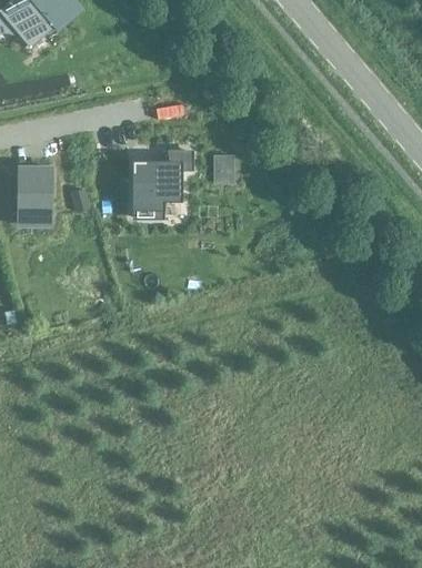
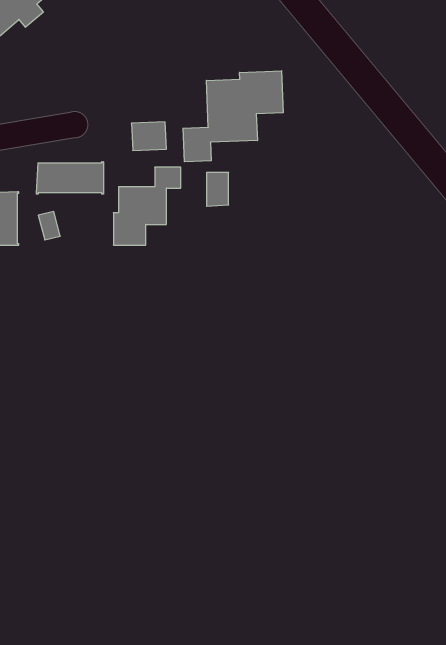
building: none -> [183,71,283,162]
building: none -> [36,162,103,194]

